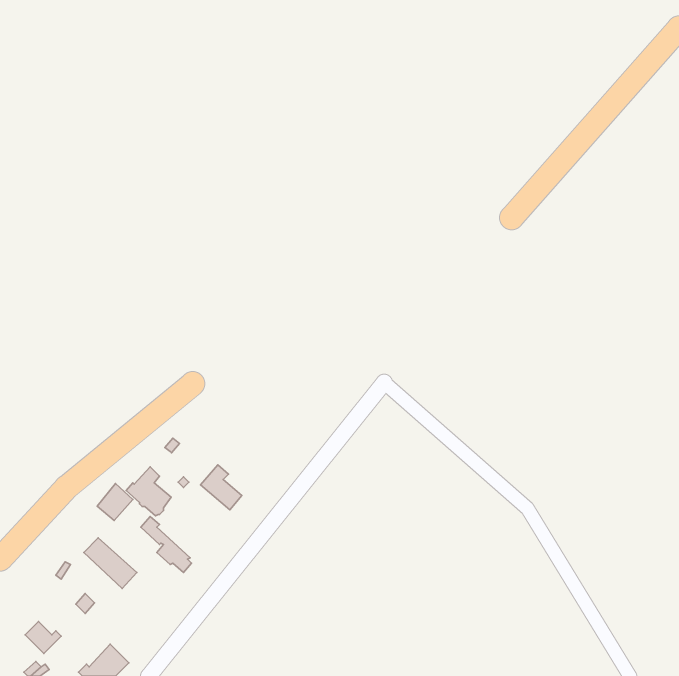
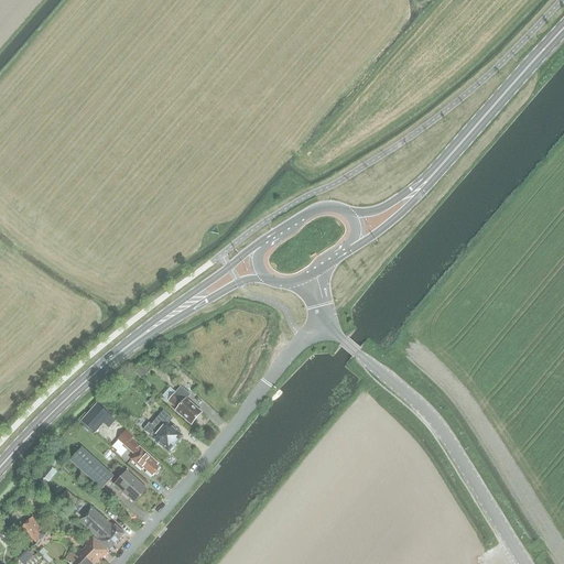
building: [126,467,171,516] -> [143,409,181,449]
building: none -> [115,469,147,500]
building: none -> [77,506,122,547]

